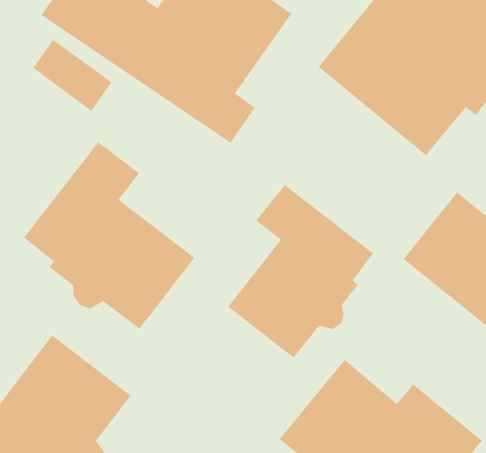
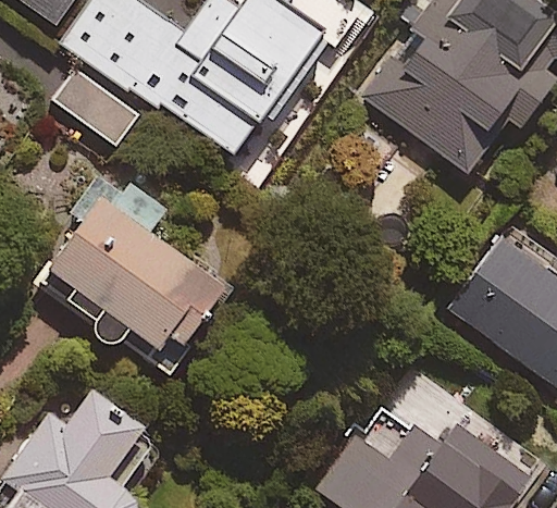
building: [228,184,374,358] -> none

